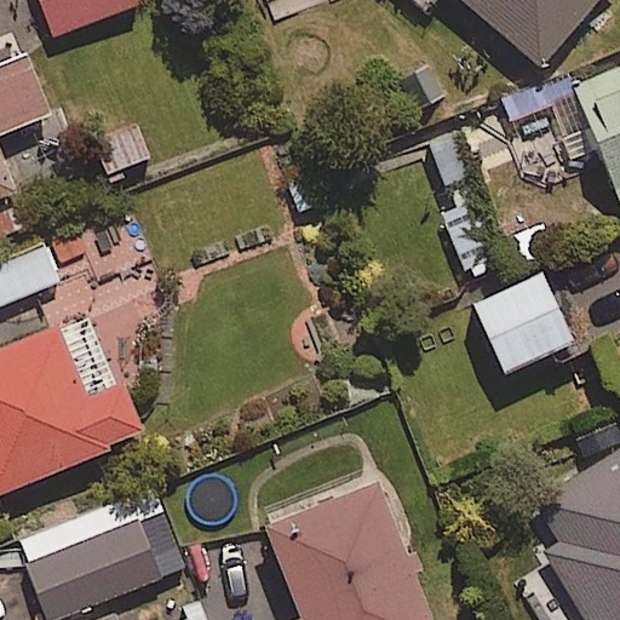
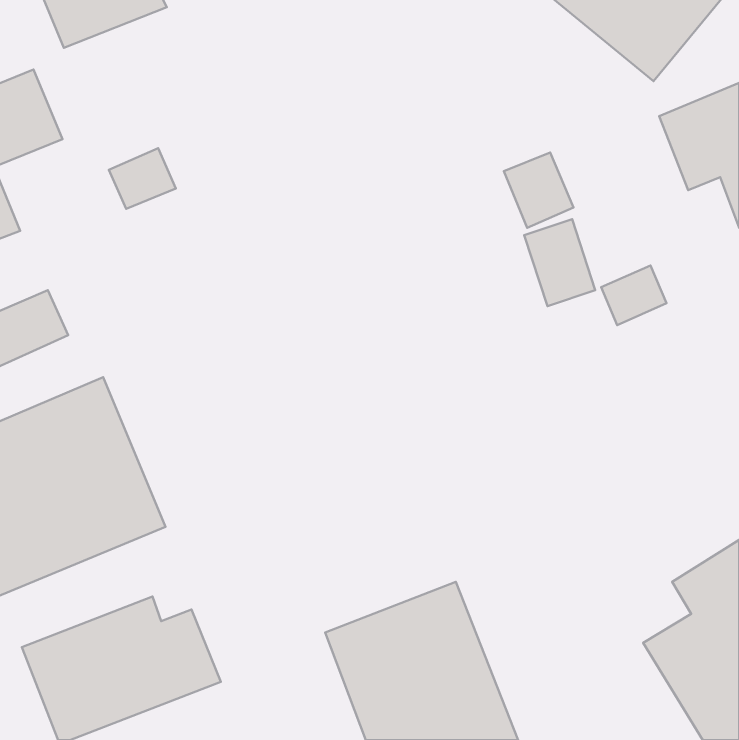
building: [475,277,573,374] -> none

